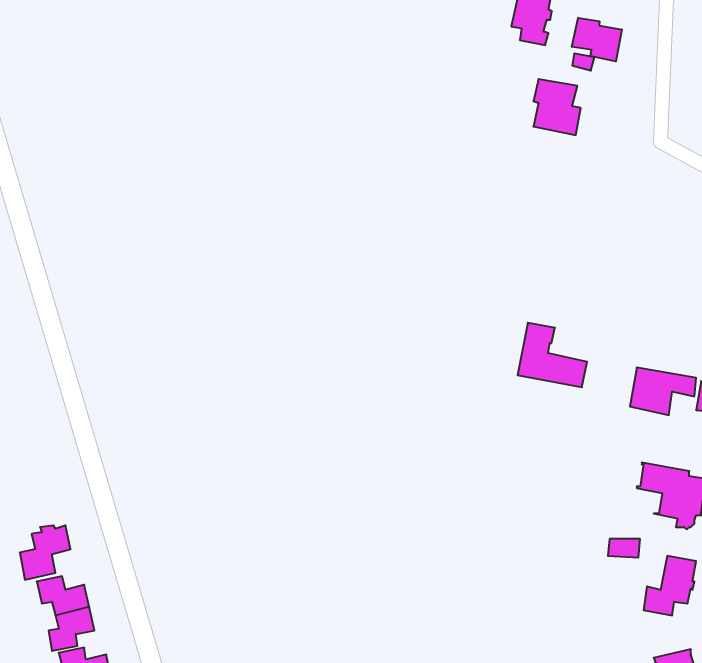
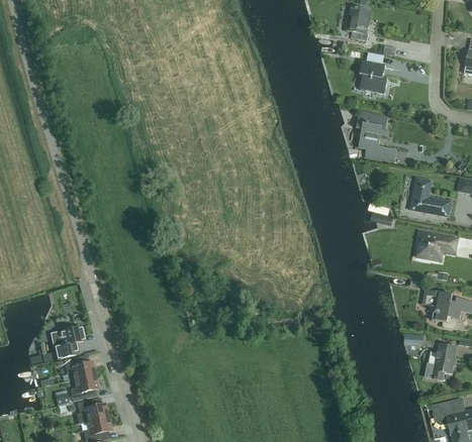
building: [572,18,622,61] -> none
building: none -> [356,112,396,161]
building: [518,323,587,387] -> [410,178,452,216]

